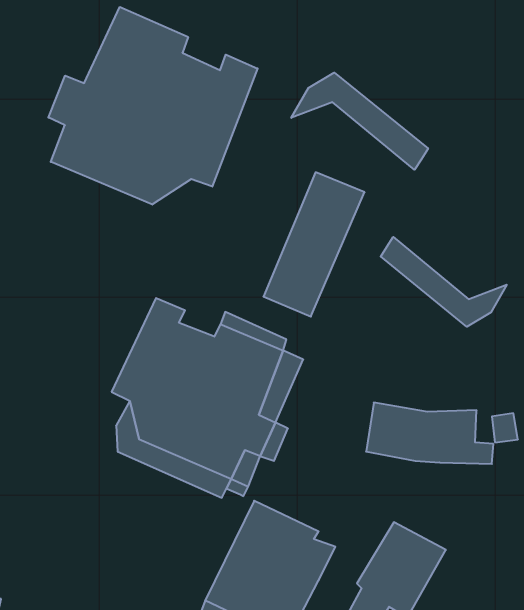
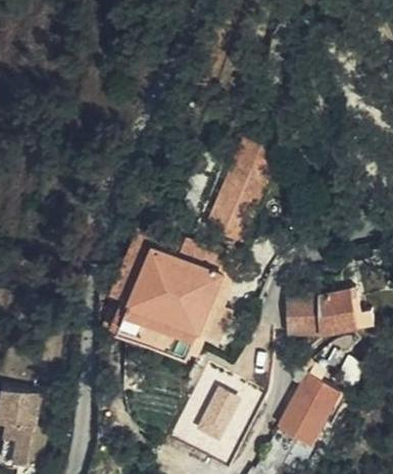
building: [48,7,258,205] -> none
building: [291,73,428,170] -> none
building: [381,237,507,327] -> none

